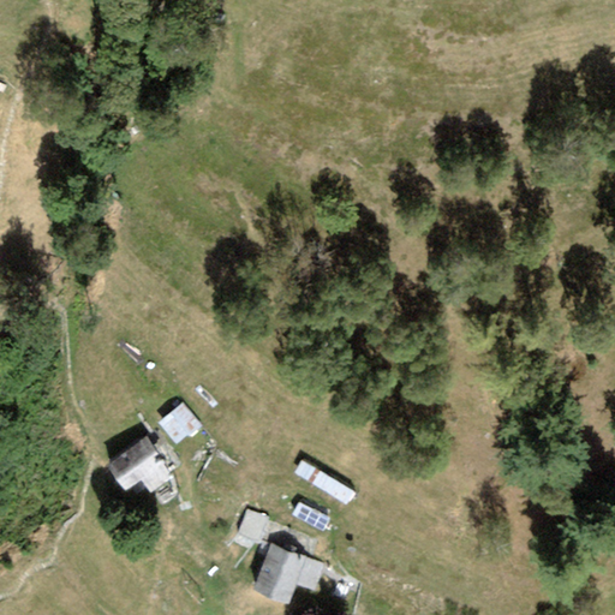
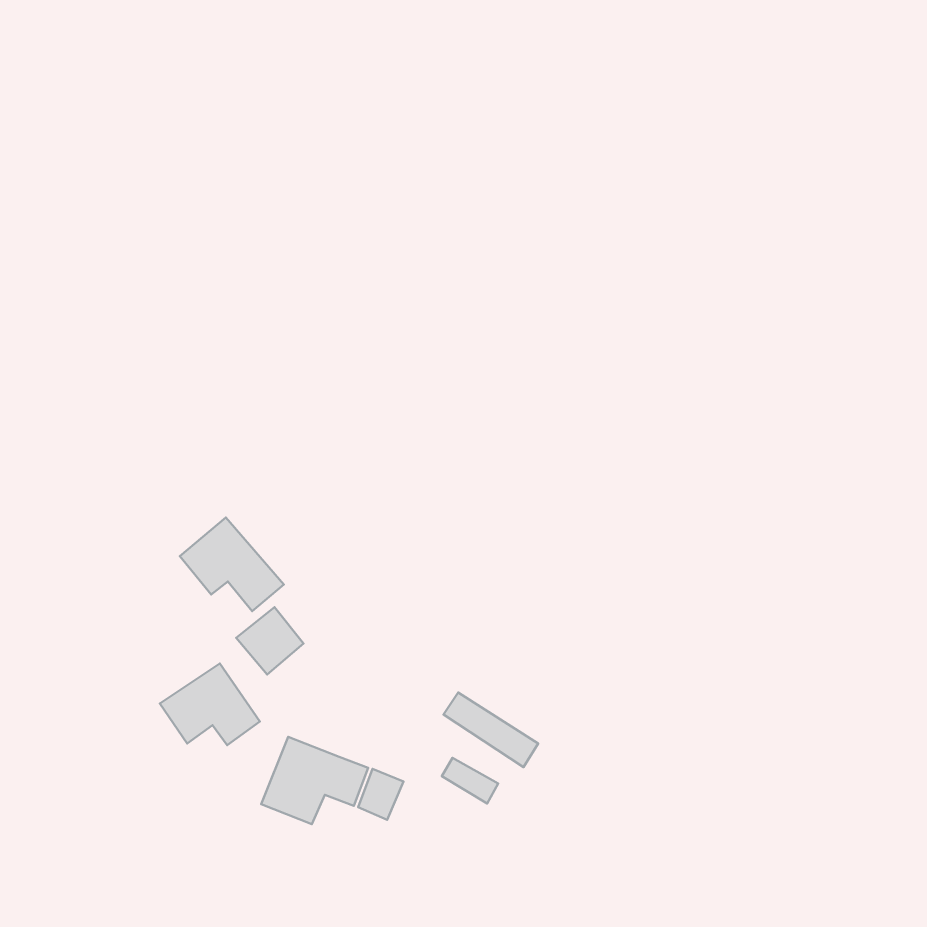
building: none -> [180,517,284,611]
building: [253,544,324,602] -> [261,737,368,824]

